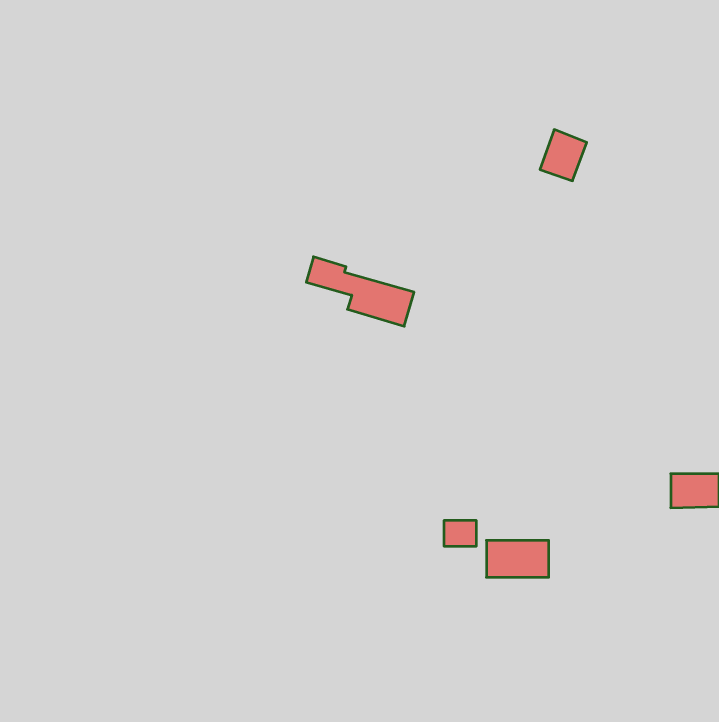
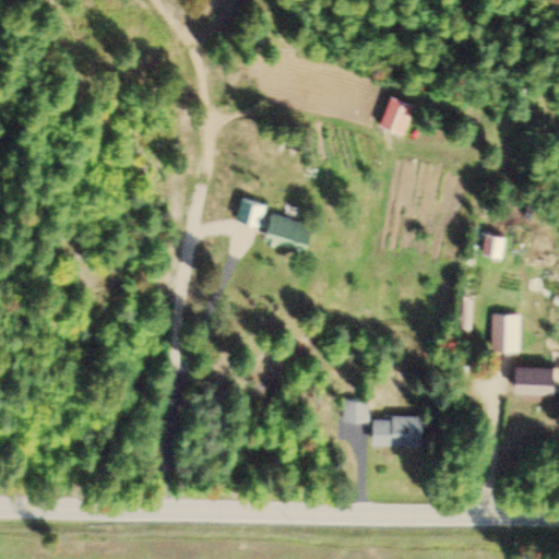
building: [540,130,587,181] -> [379,95,415,134]
building: none -> [481,234,508,258]
building: none -> [491,316,519,348]

